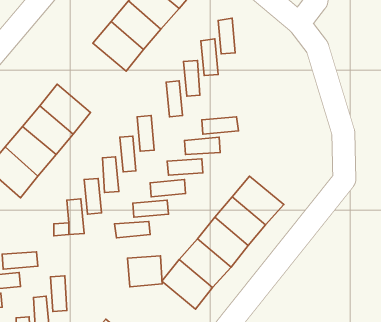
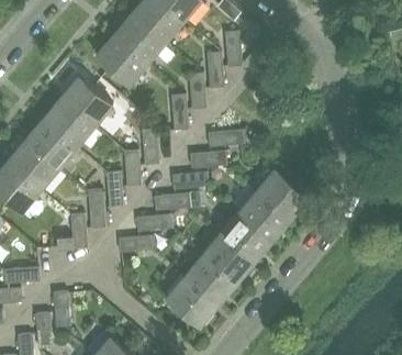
building: none -> [59,76,112,125]
building: none -> [255,168,308,219]
building: [128,256,162,287] -> none

